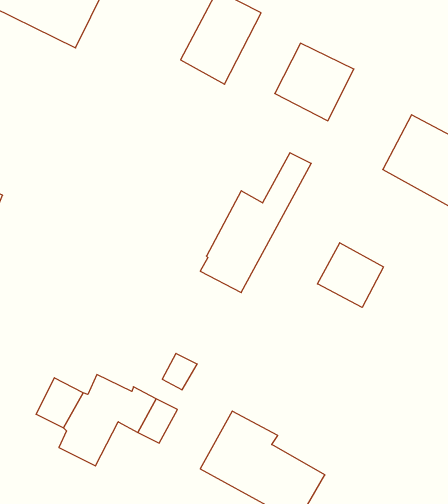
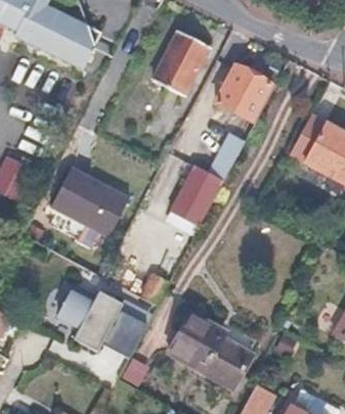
building: none -> [53,167,131,234]
building: [317,243,383,307] -> none

